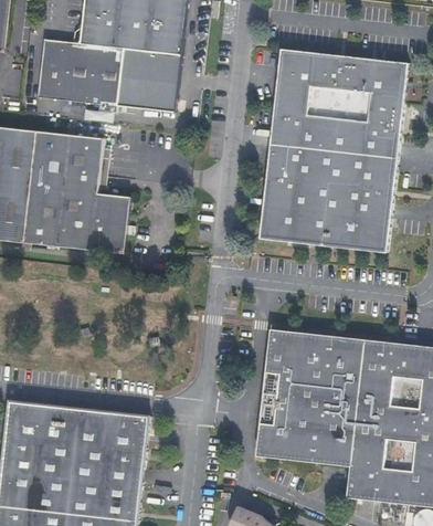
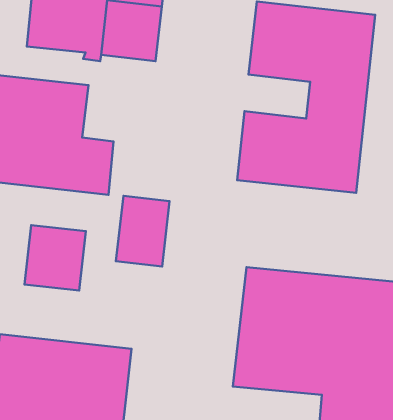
building: [267,127,337,173] -> none
building: none -> [116,196,169,266]
building: none -> [24,225,86,291]

